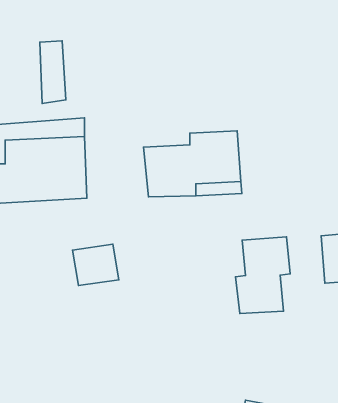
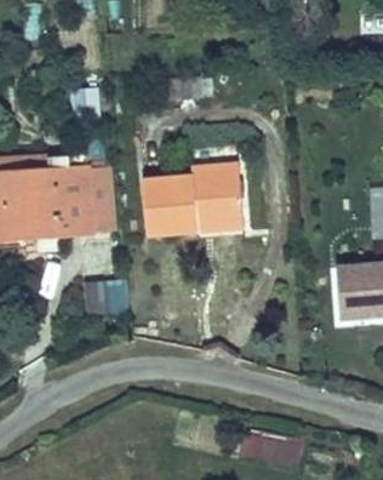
building: [40,41,66,104] -> [92,166,119,230]
building: [235,237,290,313] -> none

